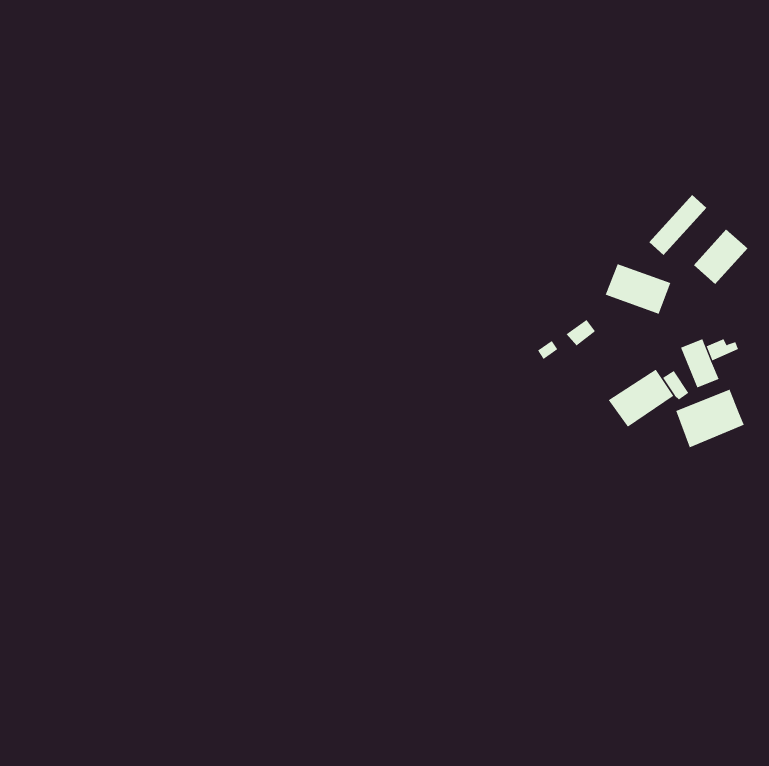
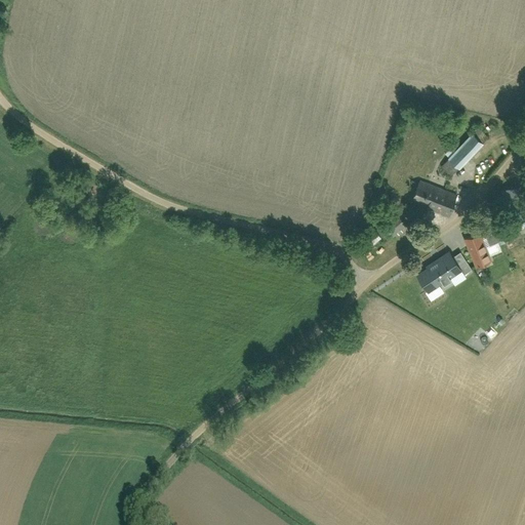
building: [693,229,749,285] -> none
building: [675,389,745,448] -> none

